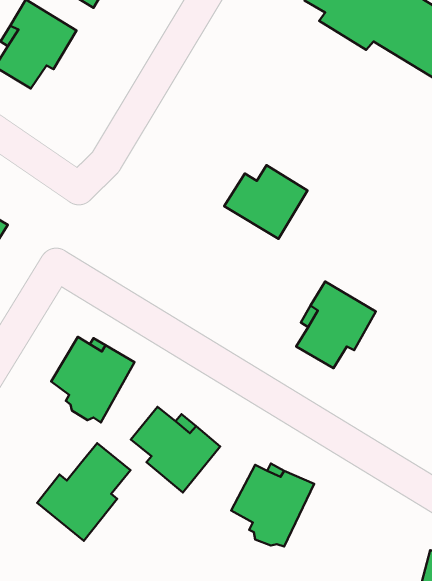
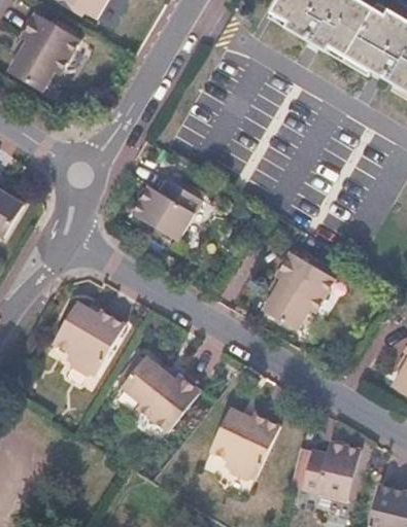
building: [224,165,308,239] -> [133,179,204,242]
building: [37,443,130,541] -> none
building: none -> [302,442,362,500]

